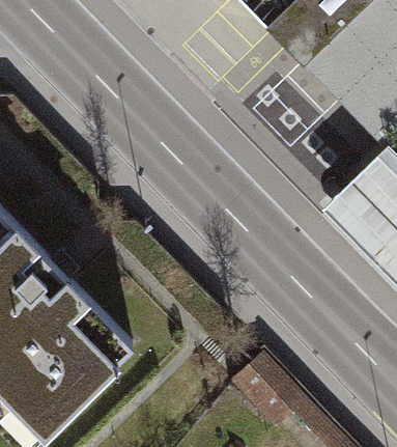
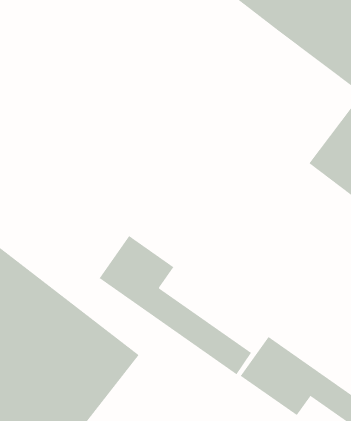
building: none -> [99,235,252,375]

